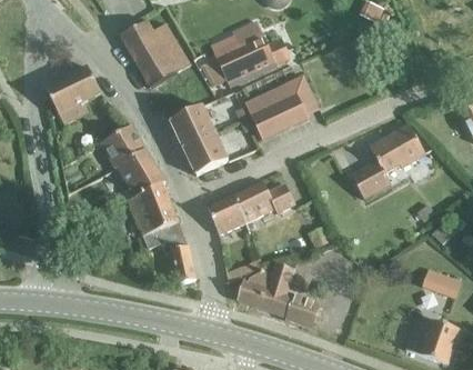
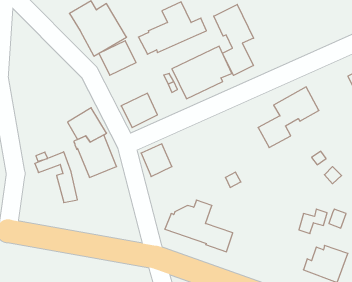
building: none -> [214,4,254,75]
building: [44,66,100,123] -> none
building: [169,106,214,148] -> [99,41,136,75]
building: [100,124,145,168] -> none
building: [232,180,293,222] -> none
building: [143,221,195,283] -> [35,152,77,203]

